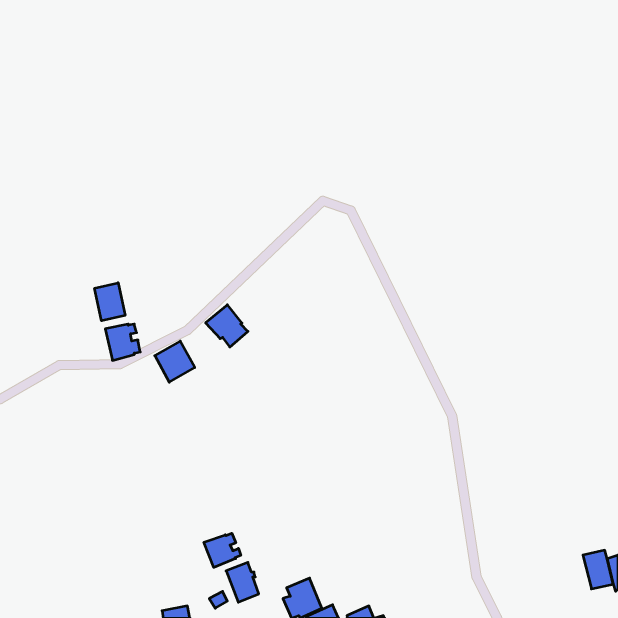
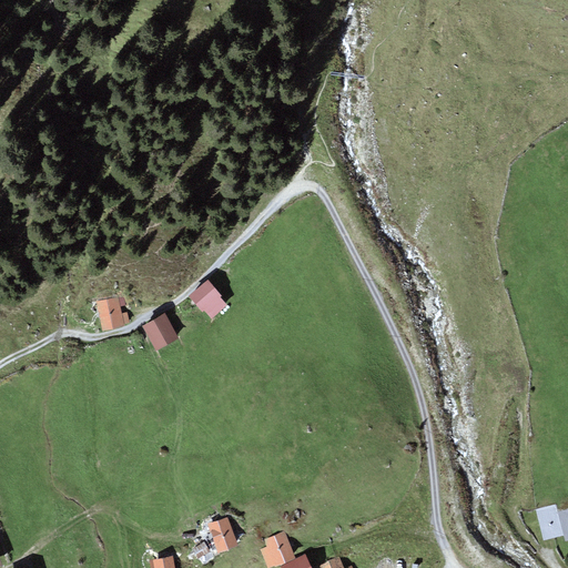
building: [95,283,125,321] -> none
building: [204,533,241,567] -> none

